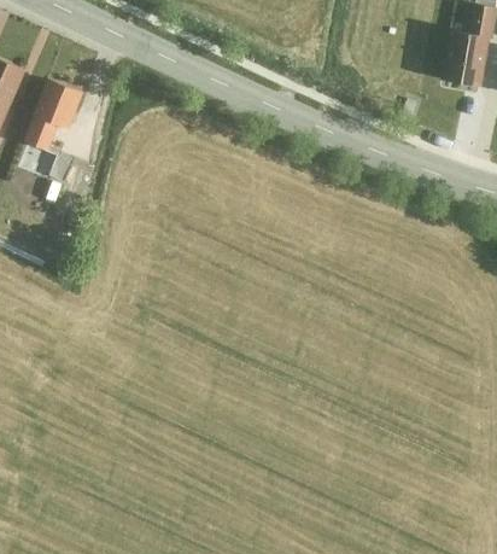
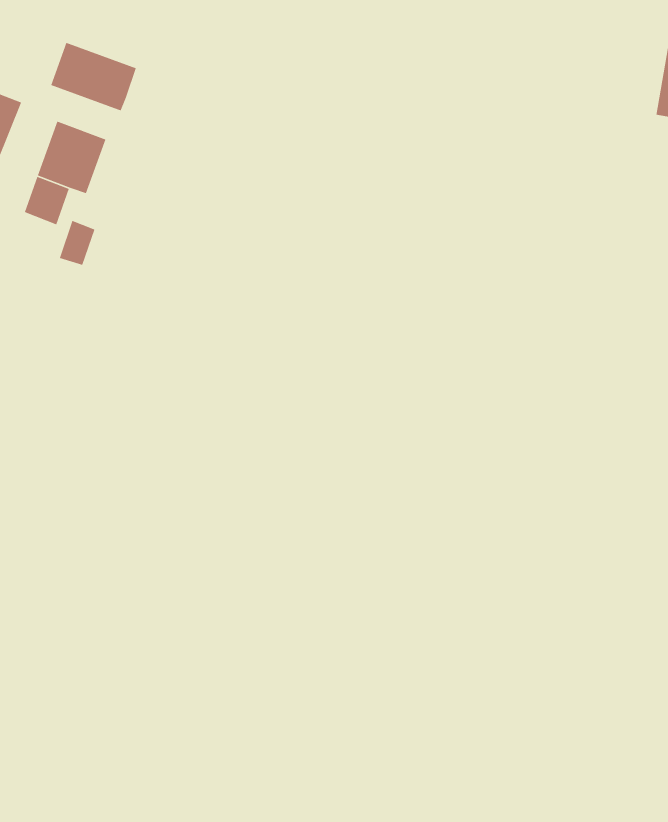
building: none -> [50,42,137,111]

